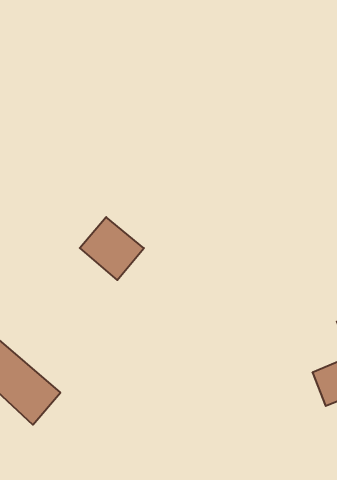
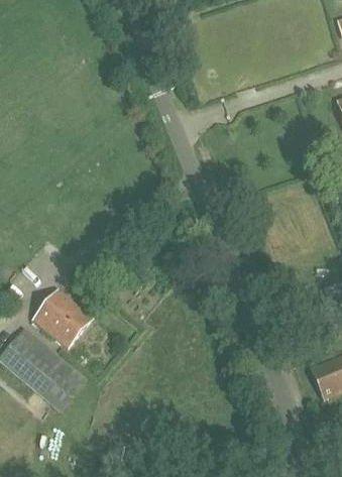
building: [80,217,144,280] -> [34,288,93,346]

